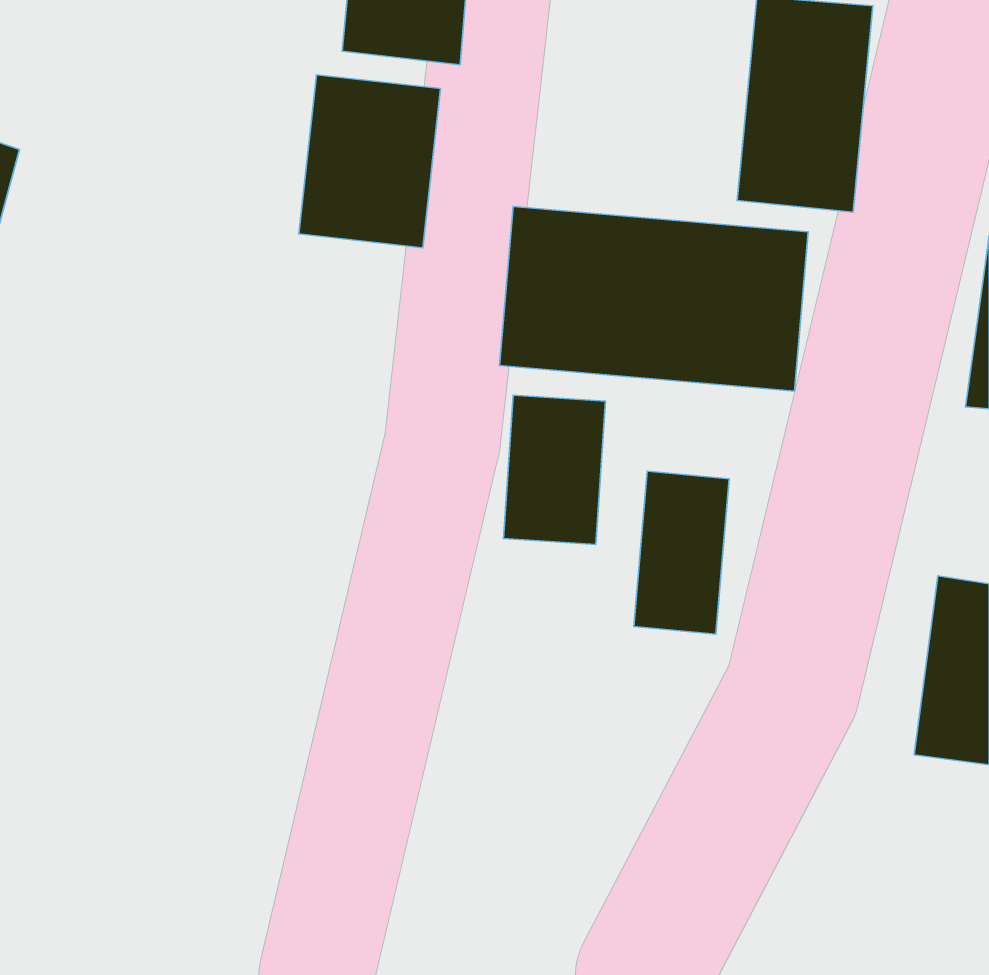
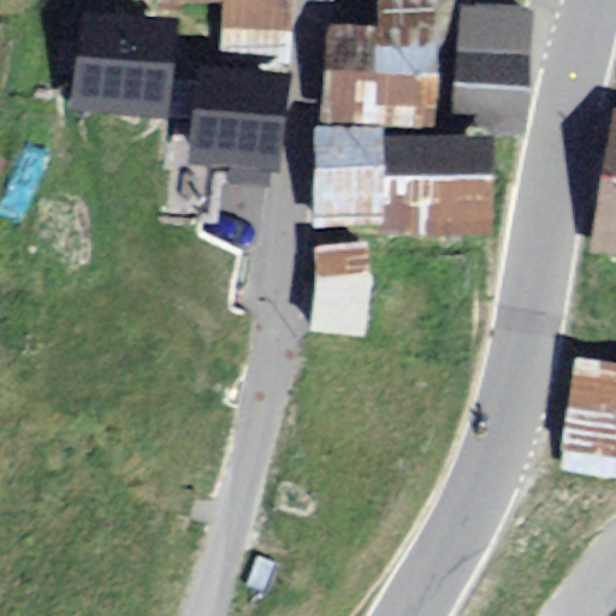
building: none -> [76,8,182,118]
building: none -> [322,23,444,125]
building: [634,471,729,634] -> none

